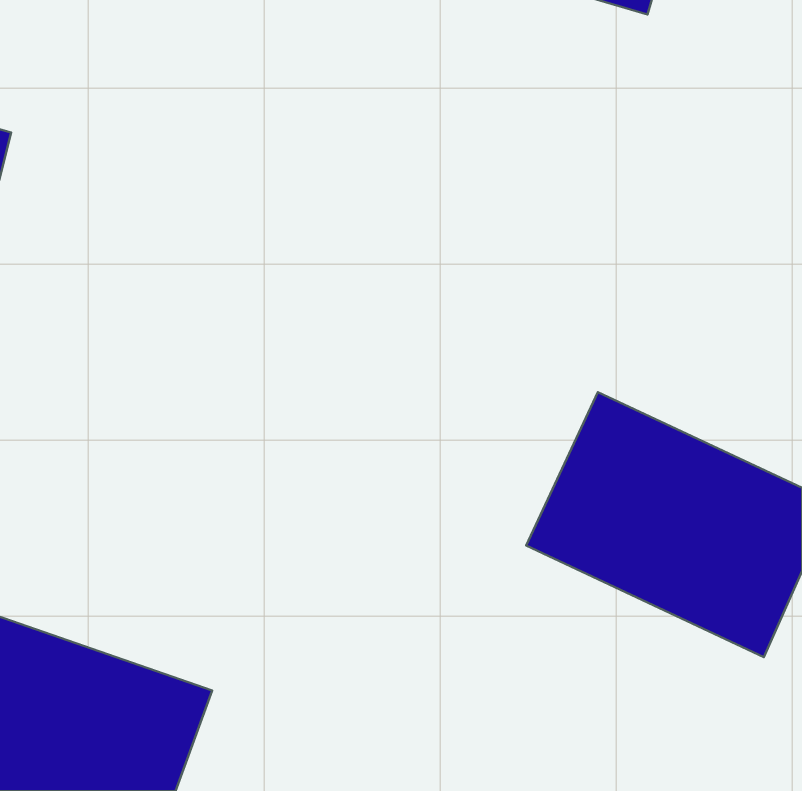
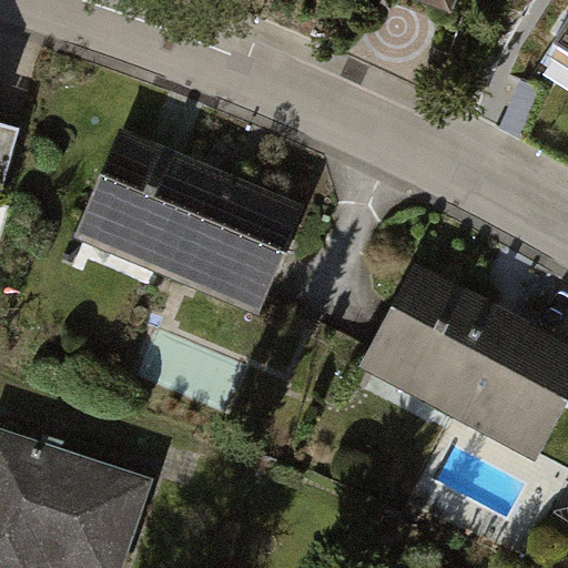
building: none -> [78,142,302,312]

